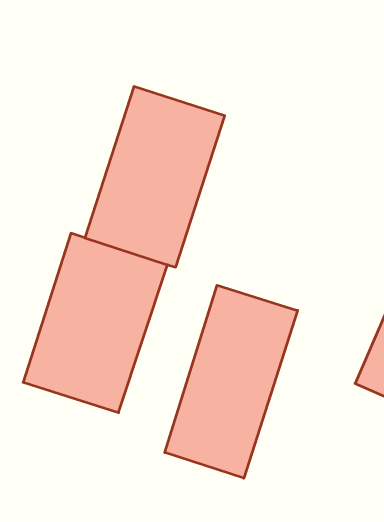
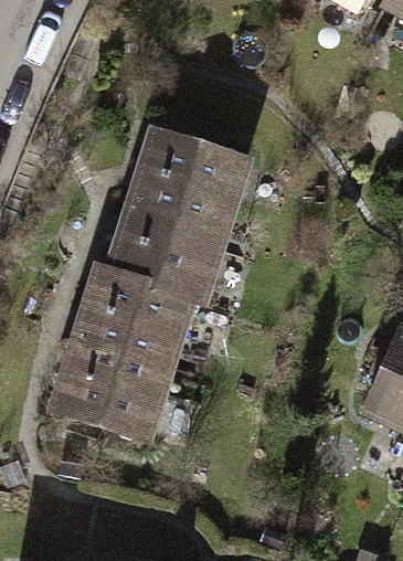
building: [165,285,298,478] -> none

